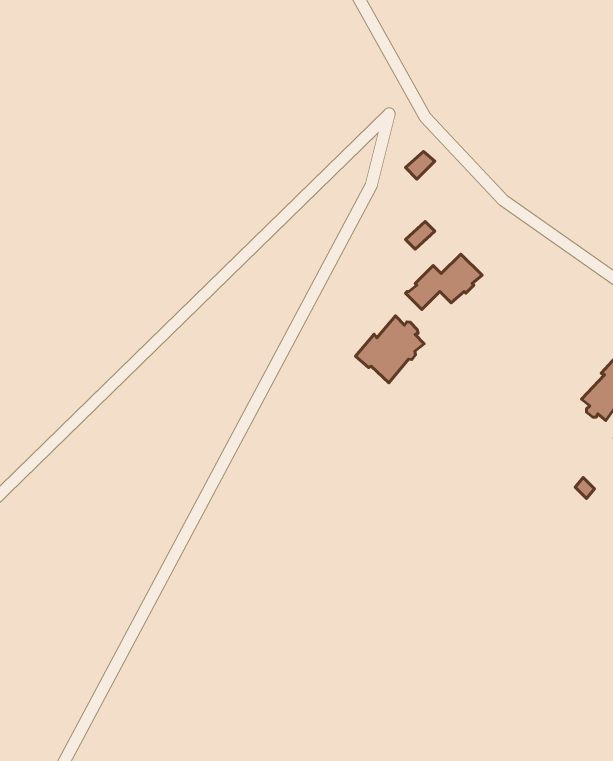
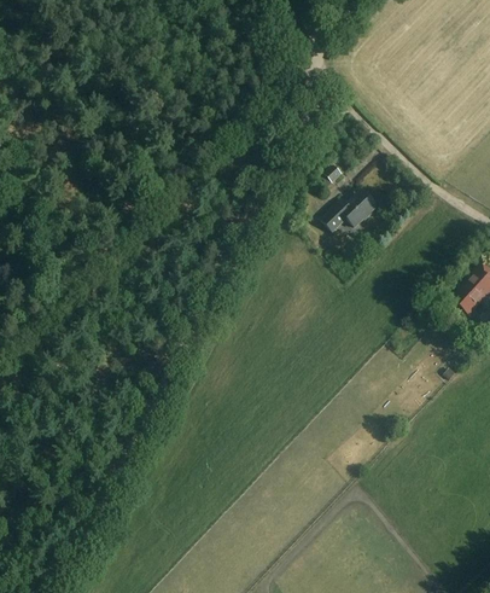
building: [356,316,424,383] -> none

